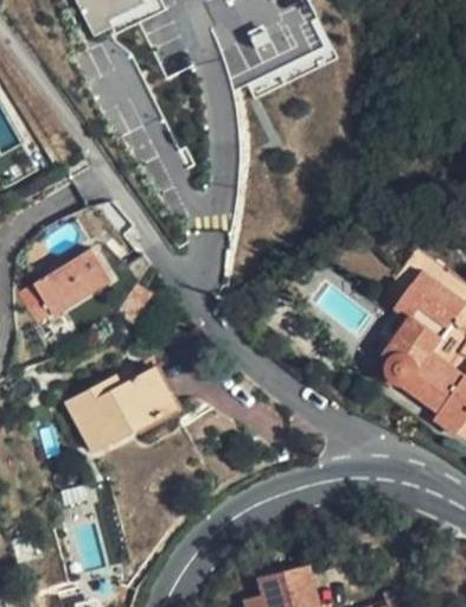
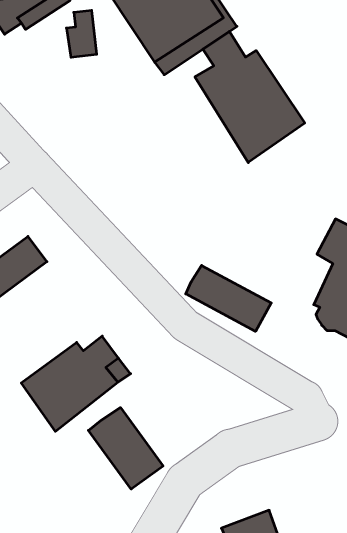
building: none -> [195,31,305,163]
building: none -> [186,265,271,331]
building: none -> [88,408,163,489]

